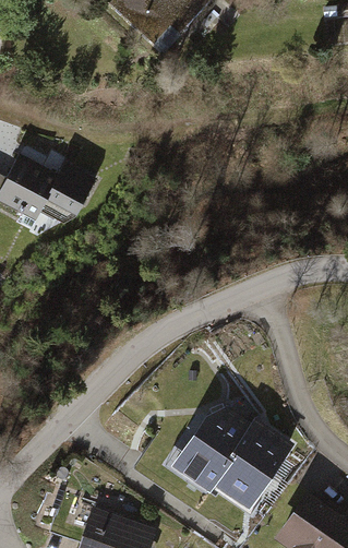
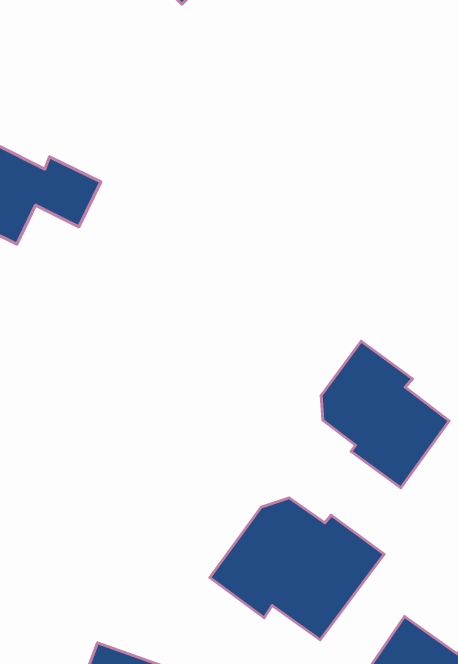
building: none -> [321,341,449,488]

